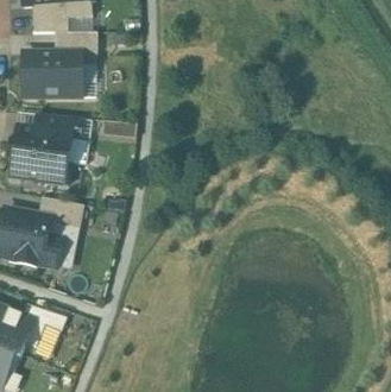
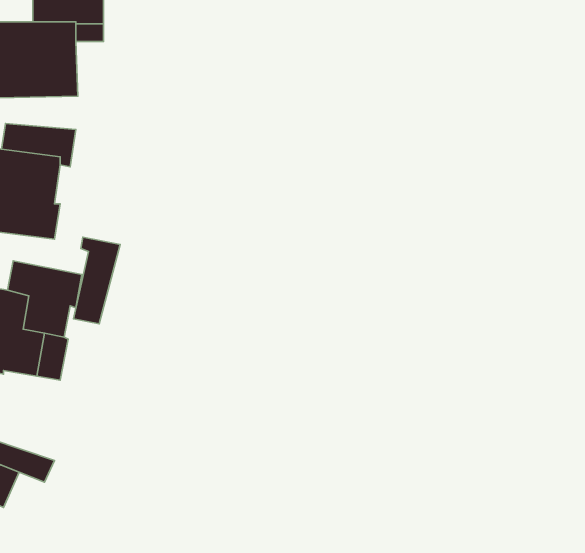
building: none -> [73,237,120,324]

